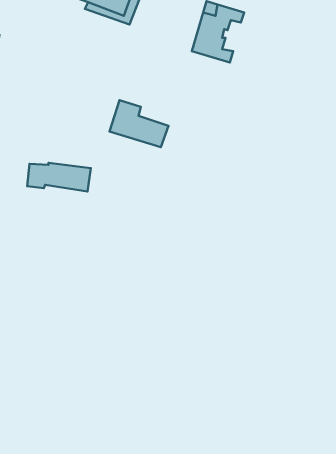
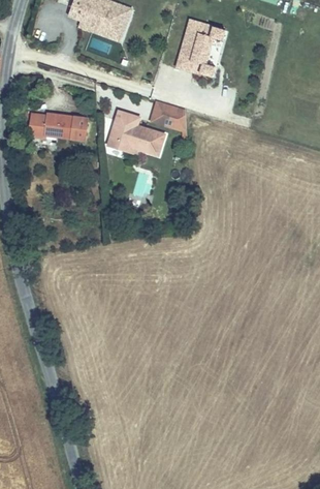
building: none -> [148,100,180,130]
building: [27,163,91,192] -> [23,116,82,143]

